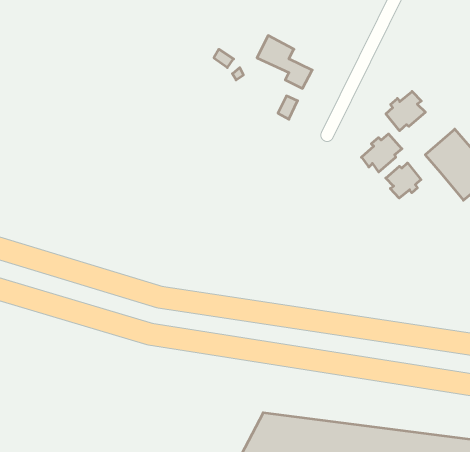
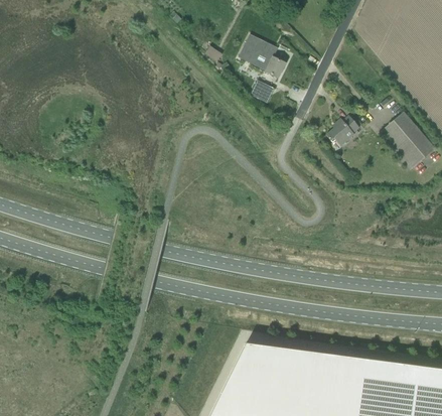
building: [386,91,425,131] -> none
building: [386,163,421,198] -> none

